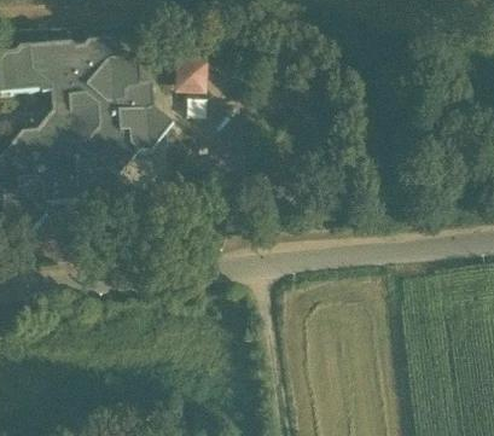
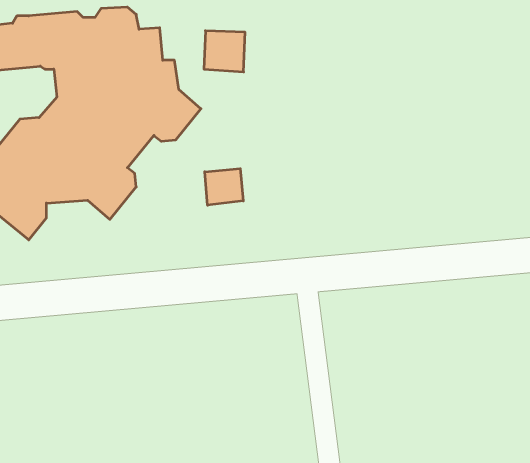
building: none -> [205,169,243,205]

